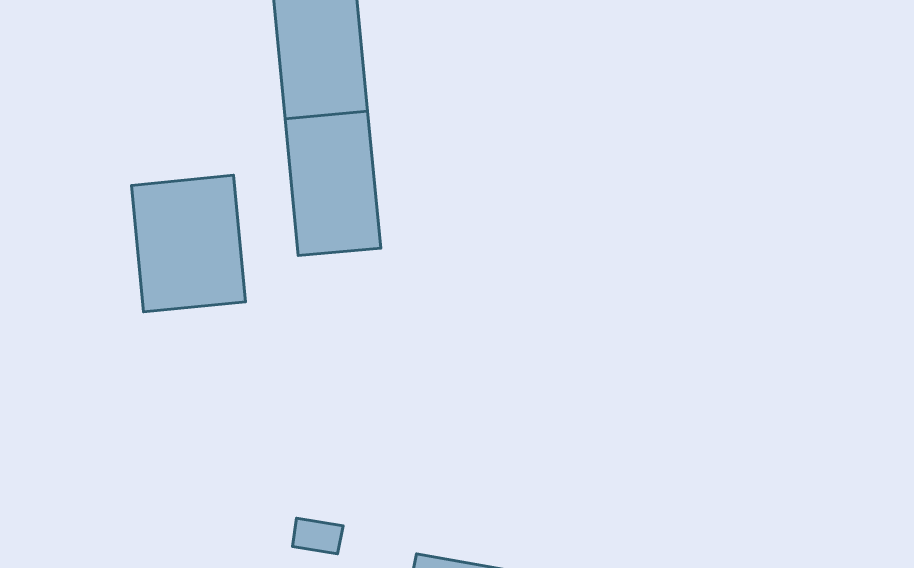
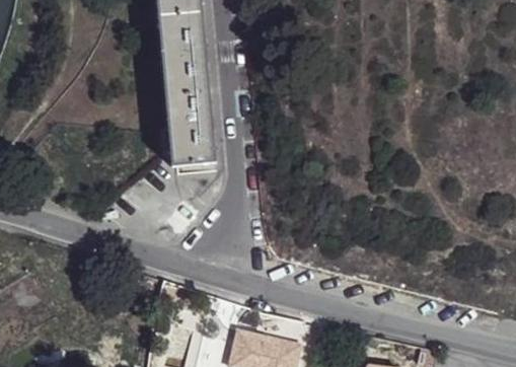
building: [131,175,246,312] -> none

